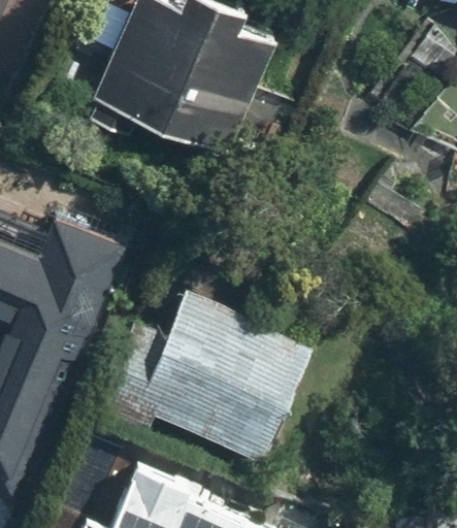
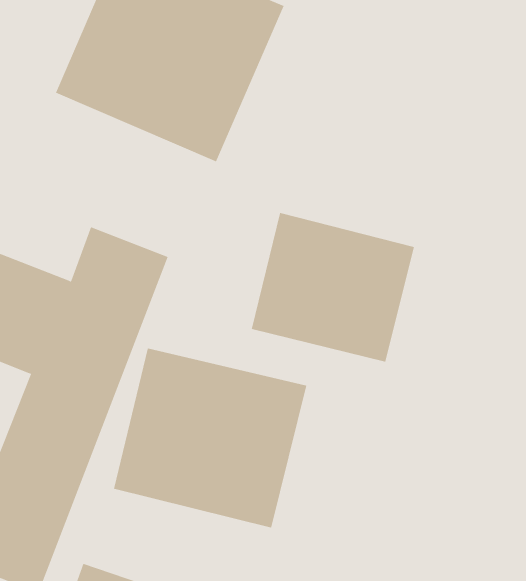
building: none -> [251,212,415,363]

